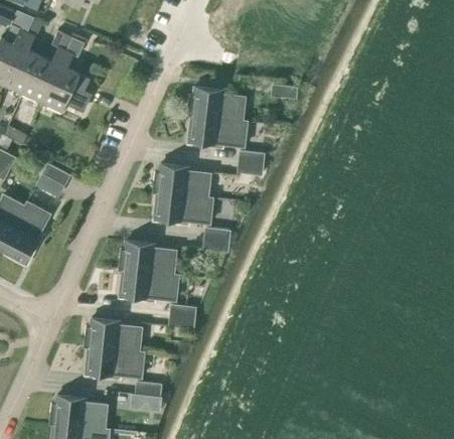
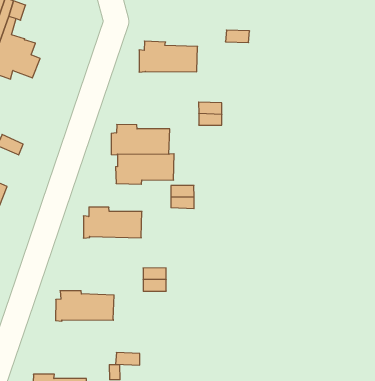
building: [188,116,247,146] -> none
building: [120,269,178,300] -> none
building: [86,346,144,377] -> none

